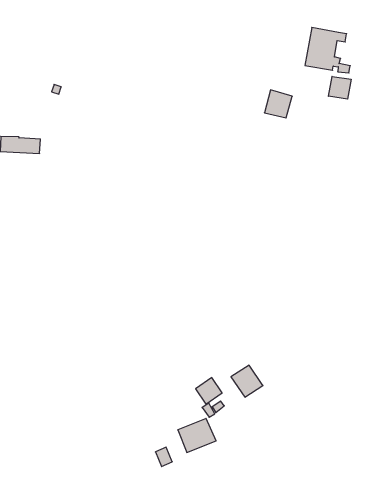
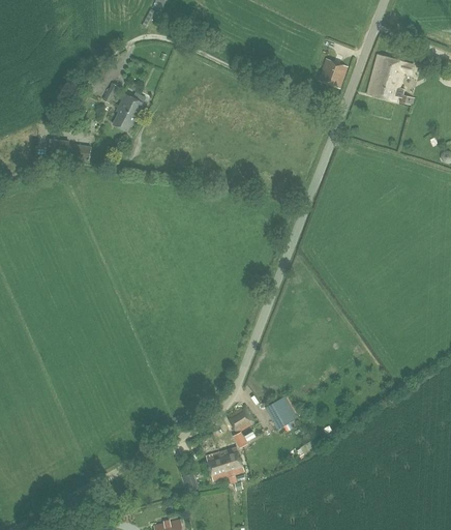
building: [328,76,351,99] -> none
building: none -> [112,93,144,130]
building: [264,90,292,118] -> [318,58,348,88]

